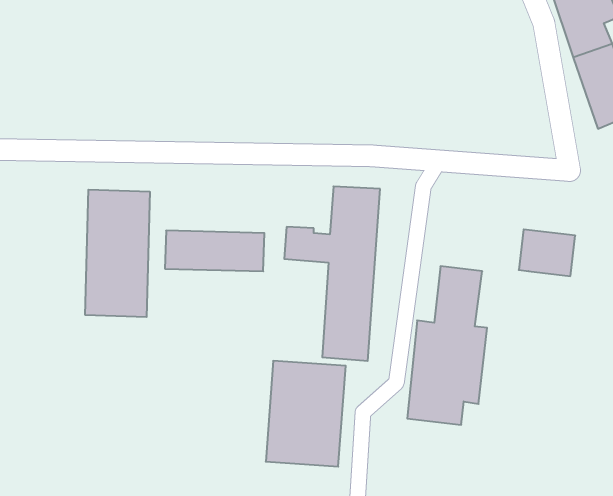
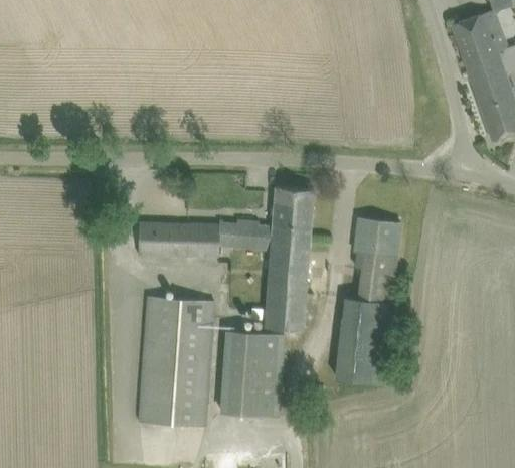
building: [85,190,150,317] -> none
building: [519,229,575,276] -> [354,219,400,258]
building: none -> [139,296,215,427]

